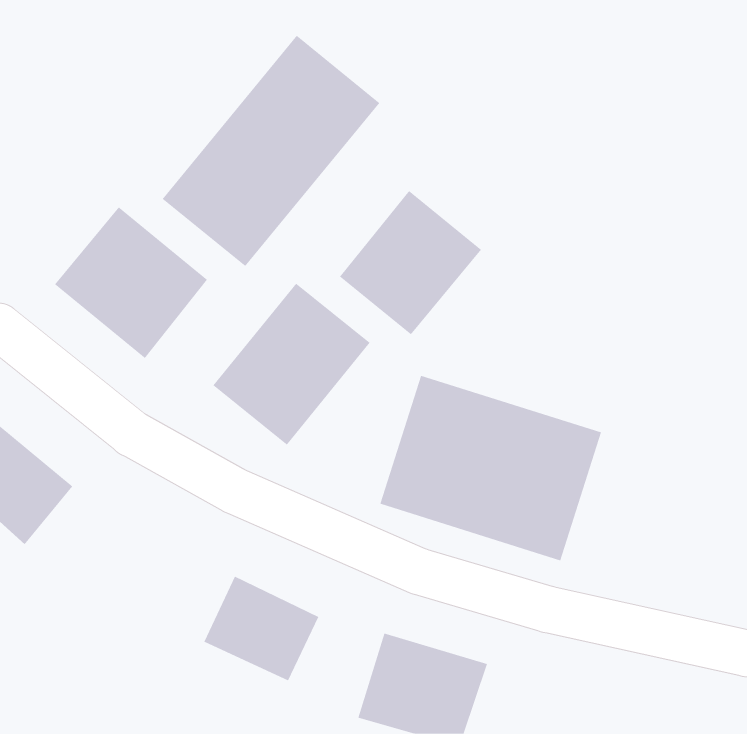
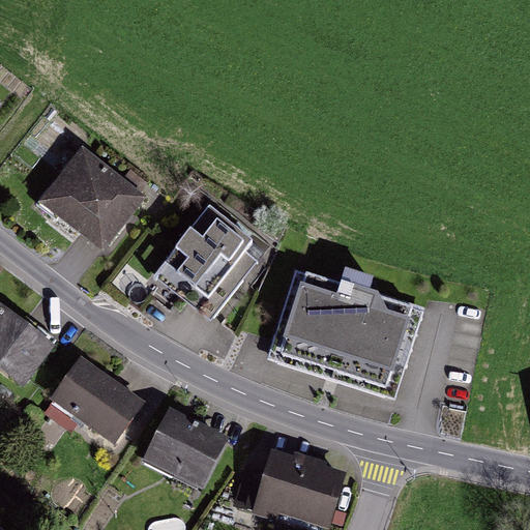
building: [162,35,380,267] -> none
building: [339,190,482,335] -> none
building: none -> [52,361,147,448]

